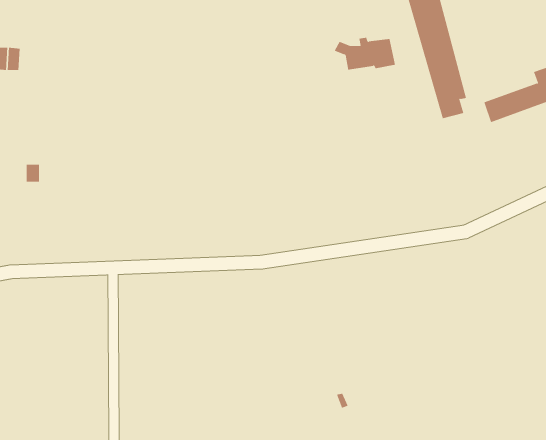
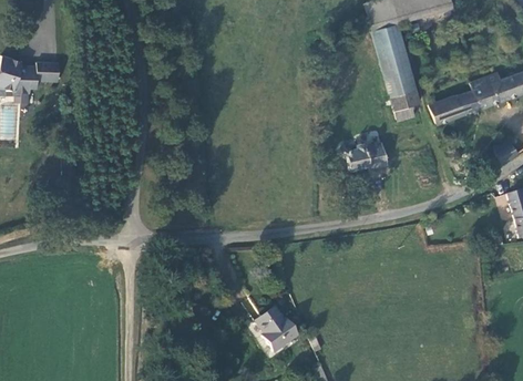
building: [334,37,396,70] -> [338,143,388,169]
building: none -> [257,309,298,352]

